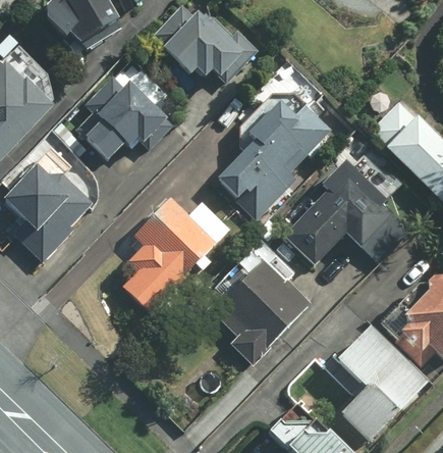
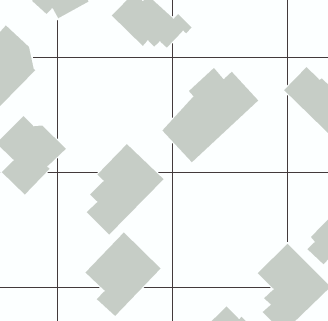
building: [72,75,168,159] -> none
building: [282,168,394,266] -> none
building: [214,256,312,364] -> [85,232,162,317]

